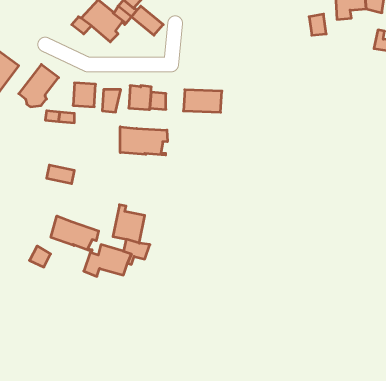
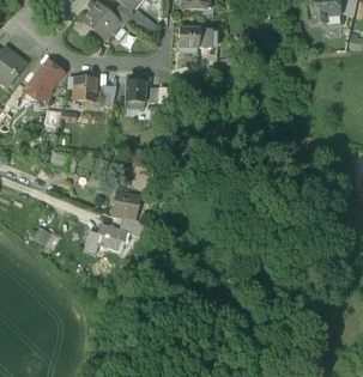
building: [183,90,222,112] -> [177,25,212,45]
building: [120,127,167,155] -> none
building: [51,216,99,251] -> none

